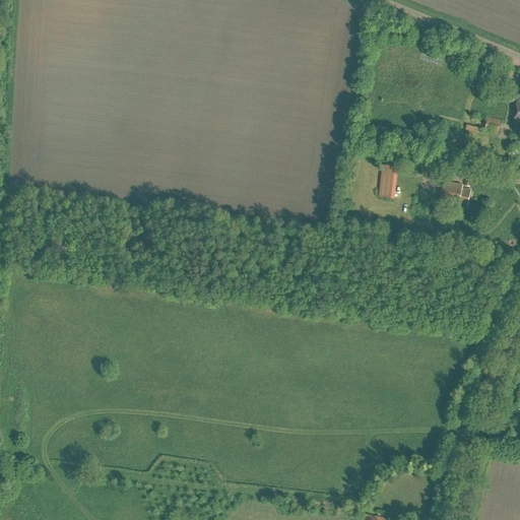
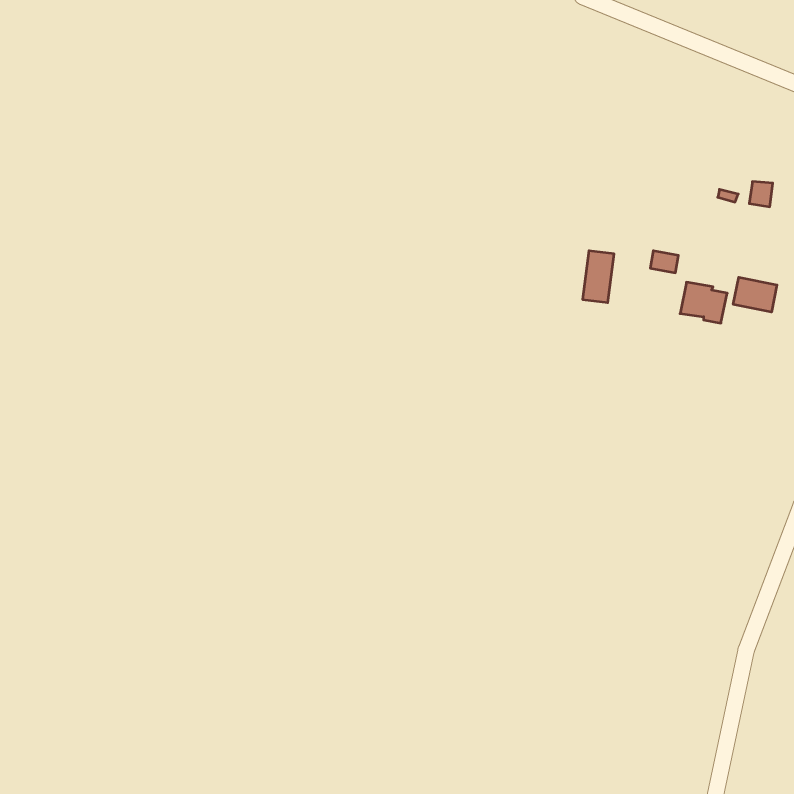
building: none -> [733,277,777,312]

